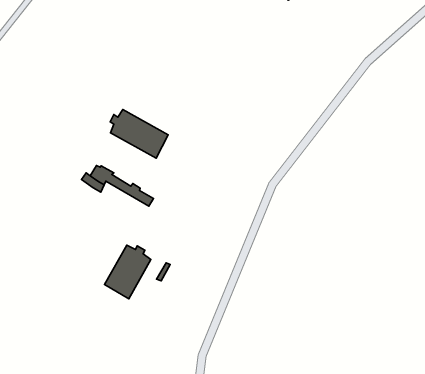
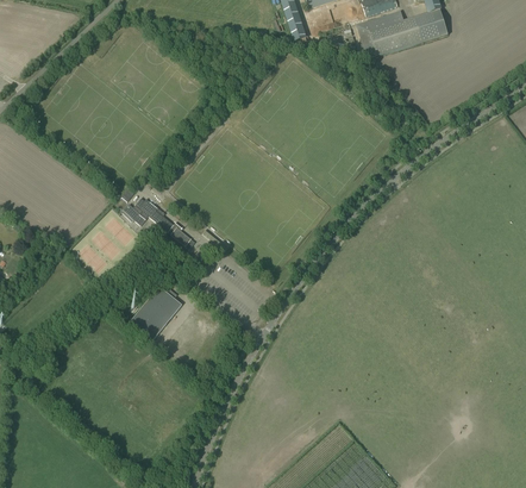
building: [110,109,168,158] -> none

